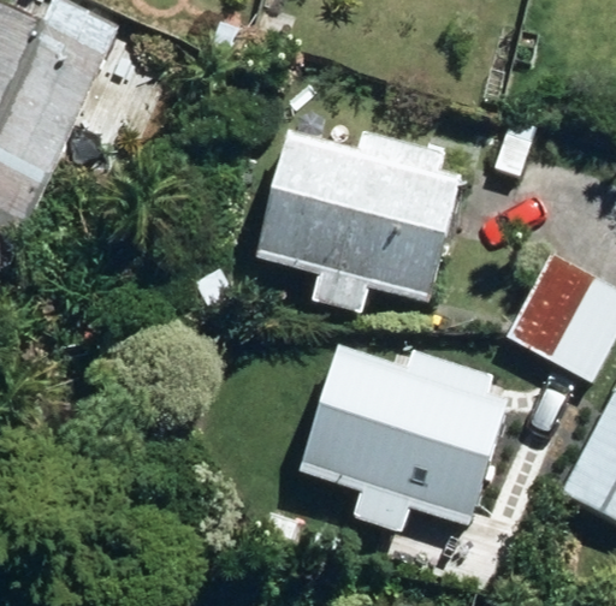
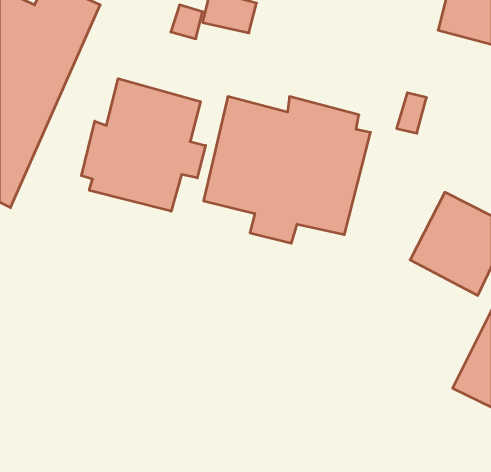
building: none -> [81,79,206,211]
building: [296,343,508,527] -> none

